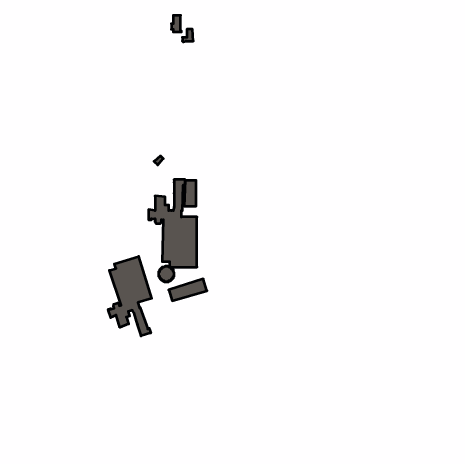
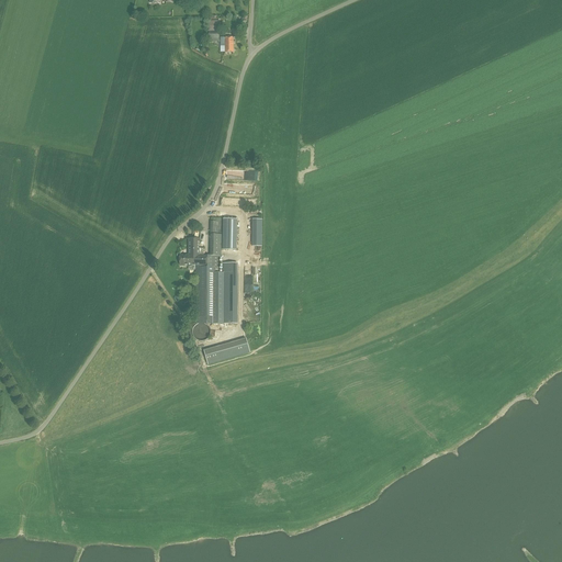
building: [108,256,152,336] -> none

